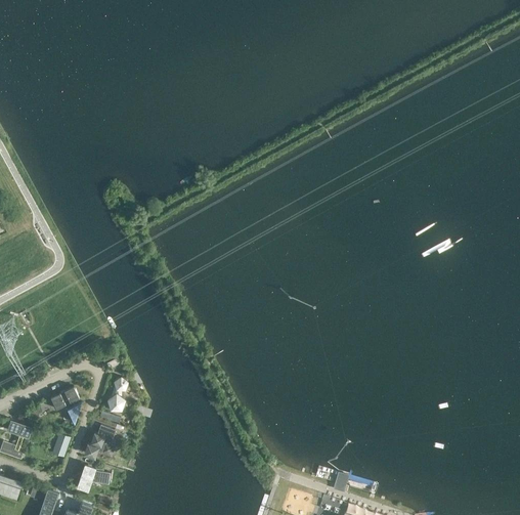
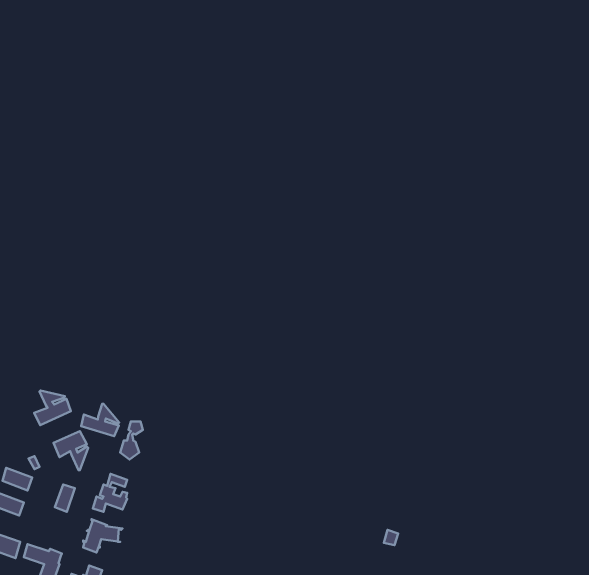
building: none -> [34,391,71,425]
building: none -> [81,404,119,436]

